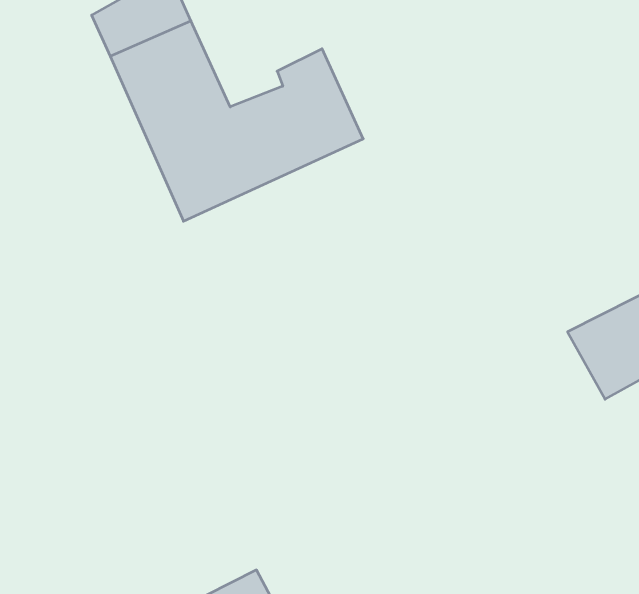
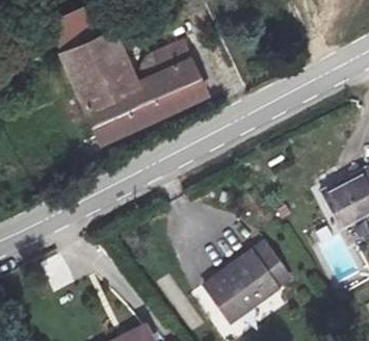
building: none -> [204,245,290,324]

